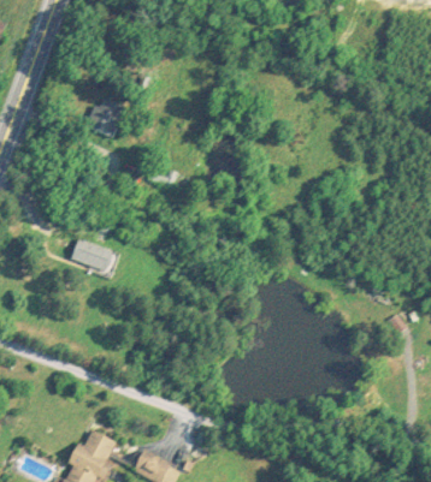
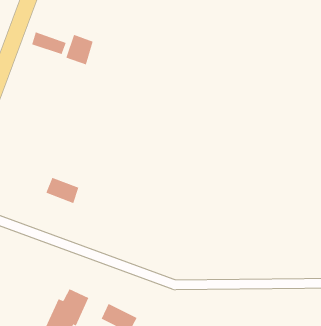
building: none -> [31,32,67,55]
building: [70,238,114,273] -> [46,177,79,204]

